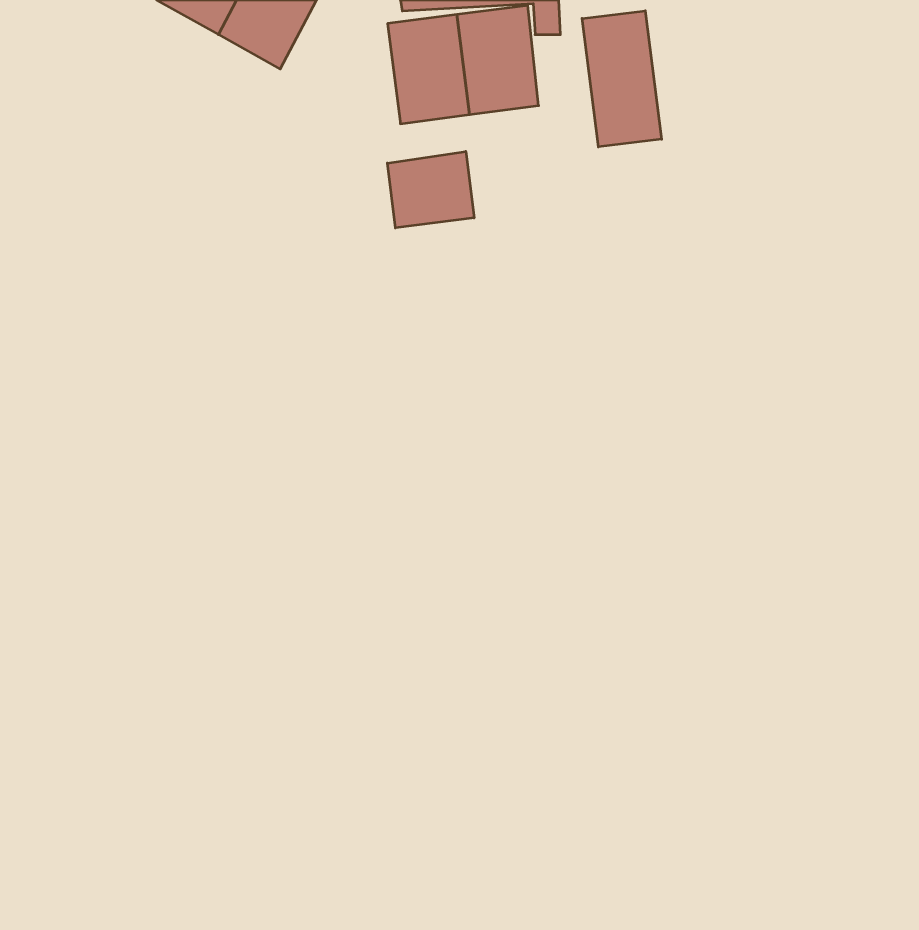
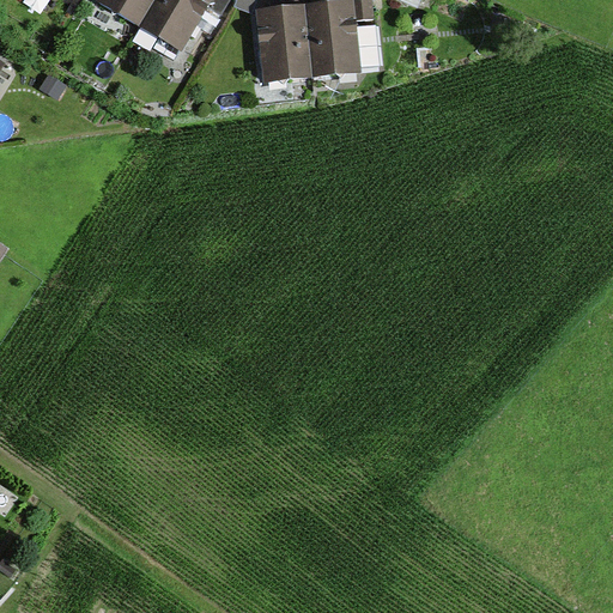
building: [582,11,662,147] -> none
building: [387,151,474,228] -> none

